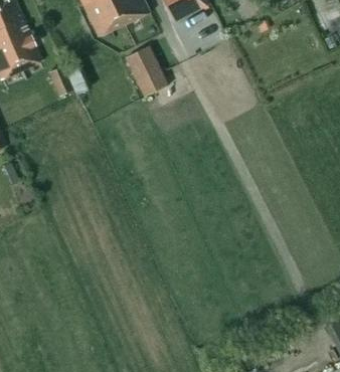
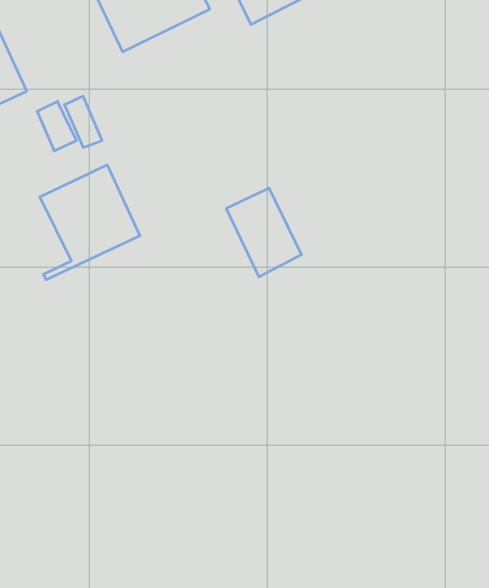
building: [125,44,169,97] -> [226,188,302,277]
building: none -> [40,165,140,280]

